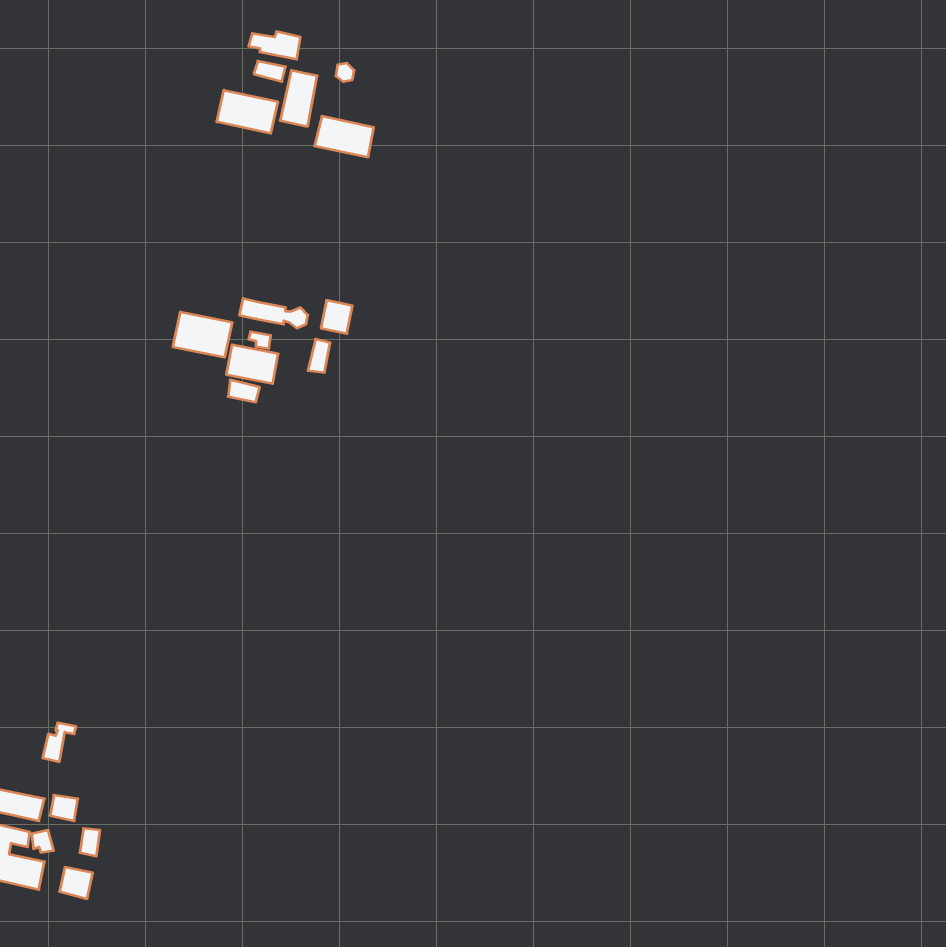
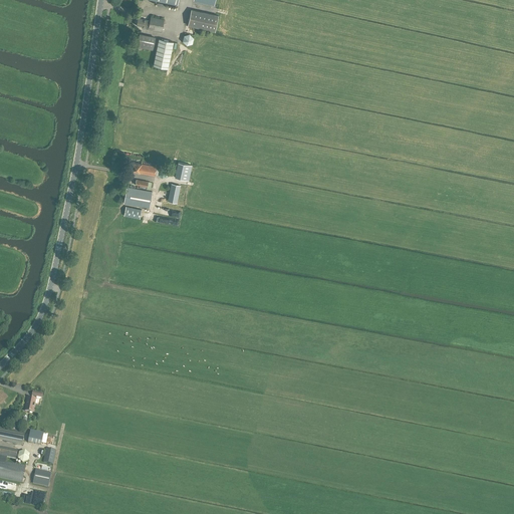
building: [217,90,278,133] -> none
building: [314,116,374,157] -> [186,9,218,31]
building: [173,312,232,357] -> none

